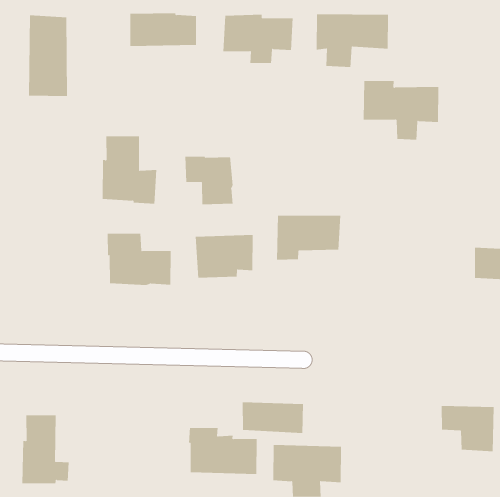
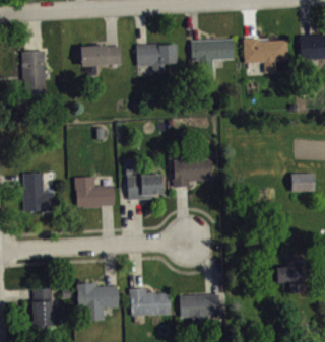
building: [363,80,439,140] -> [243,38,288,72]
building: [102,136,157,204] -> [22,172,55,211]
building: [185,156,233,205] -> none
building: [242,402,304,434] -> none
building: none -> [76,282,118,320]

